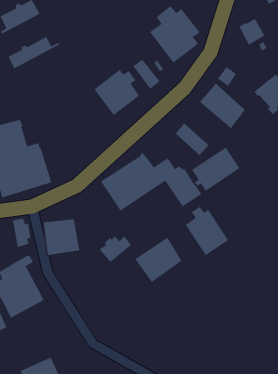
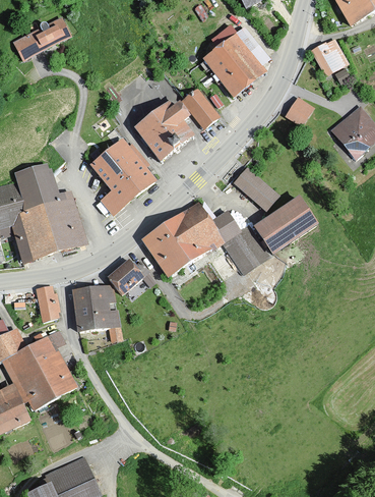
building: [8,36,60,69] -> none
building: [199,83,246,129] -> none
building: none -> [91,140,153,213]
building: [184,206,229,257] -> none
building: [99,236,132,263] -> [108,261,148,294]
building: [135,237,182,283] -> none

